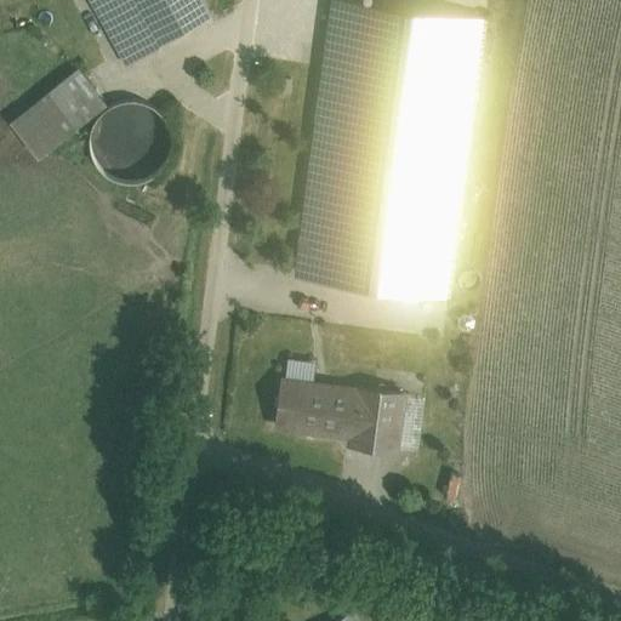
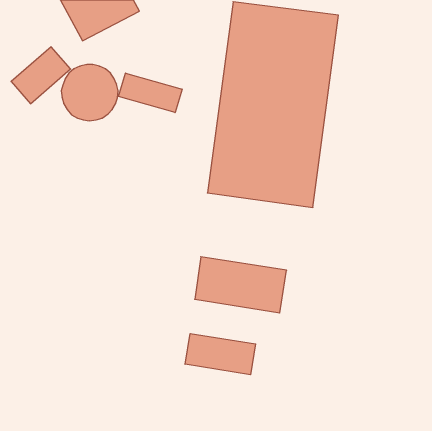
building: none -> [119,73,182,113]
building: none -> [185,334,256,375]

